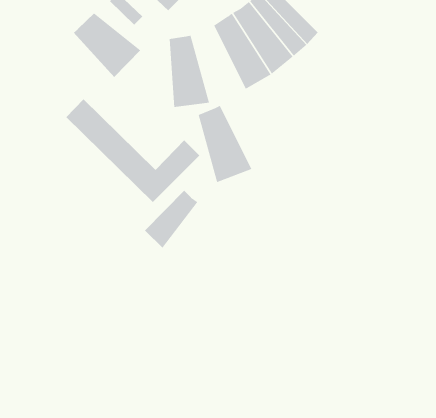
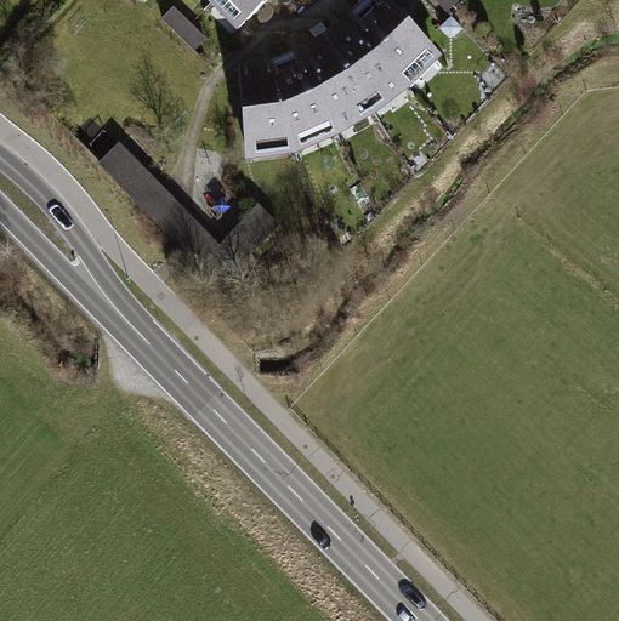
building: [73,13,141,78] -> none
building: [198,105,252,183] -> [271,46,345,152]
building: [144,190,198,248] -> none

